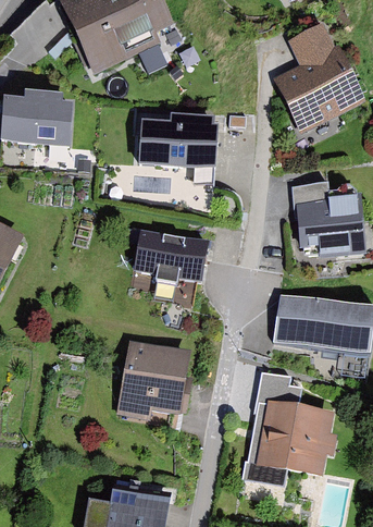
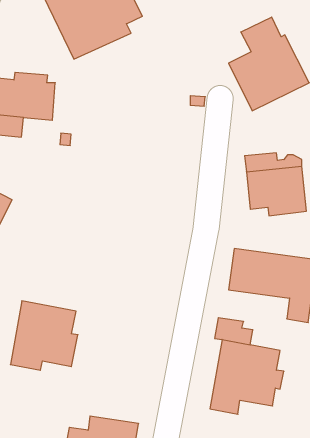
building: [139,111,219,185] -> none
building: [134,235,208,292] -> none
building: [114,339,192,419] -> [10,301,78,370]

